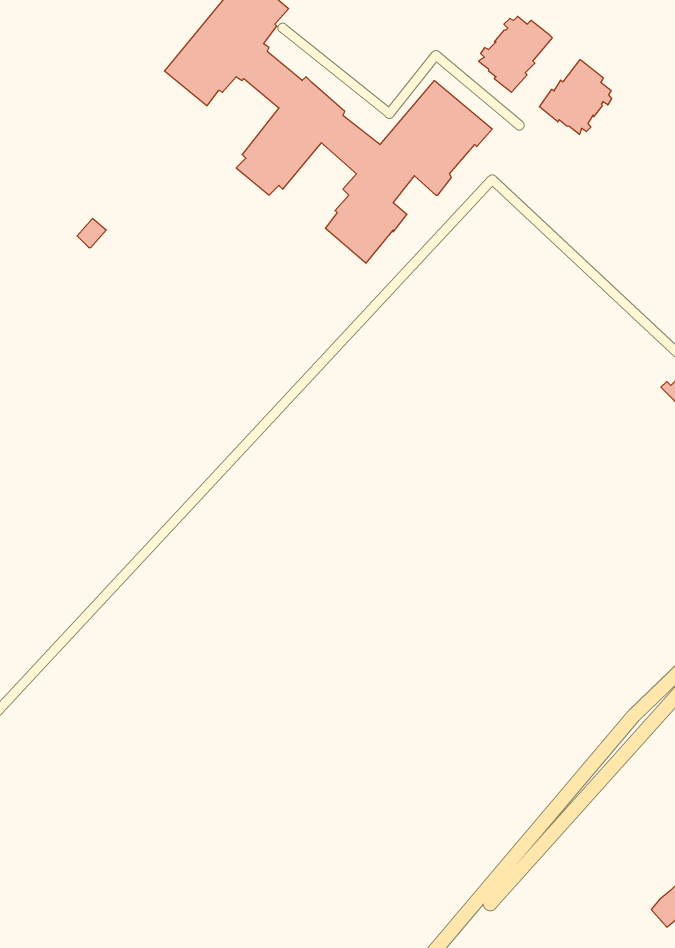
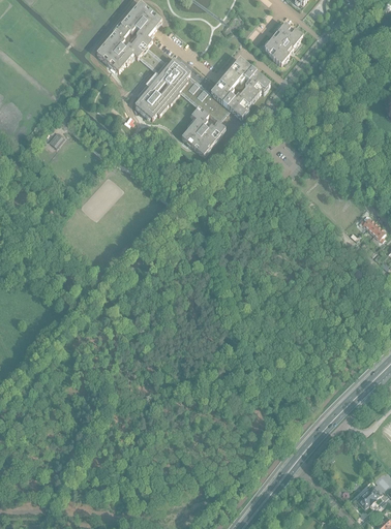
building: [539,60,612,135] -> none

